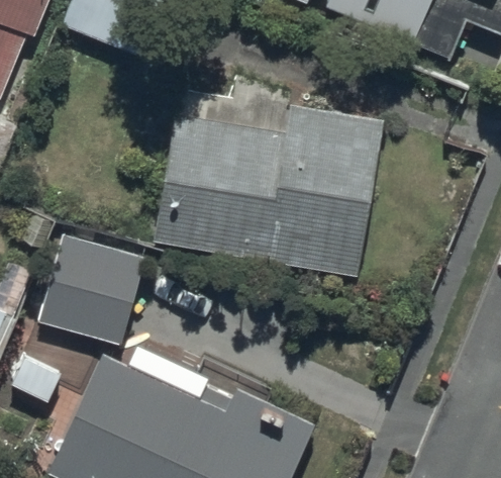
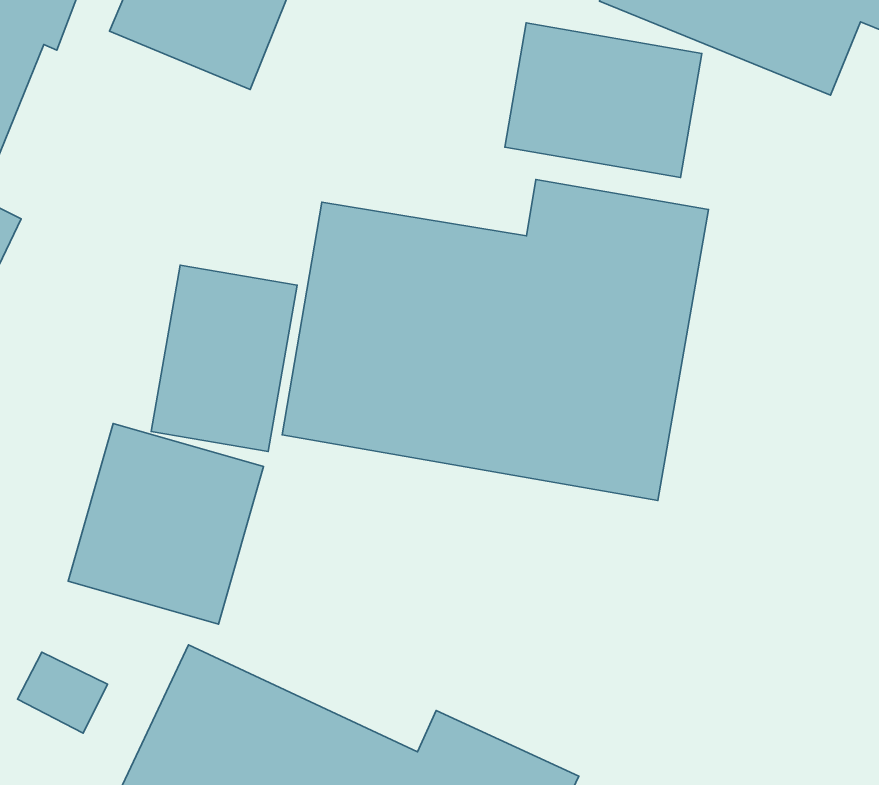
building: none -> [505,23,702,178]
building: none -> [151,265,297,451]

